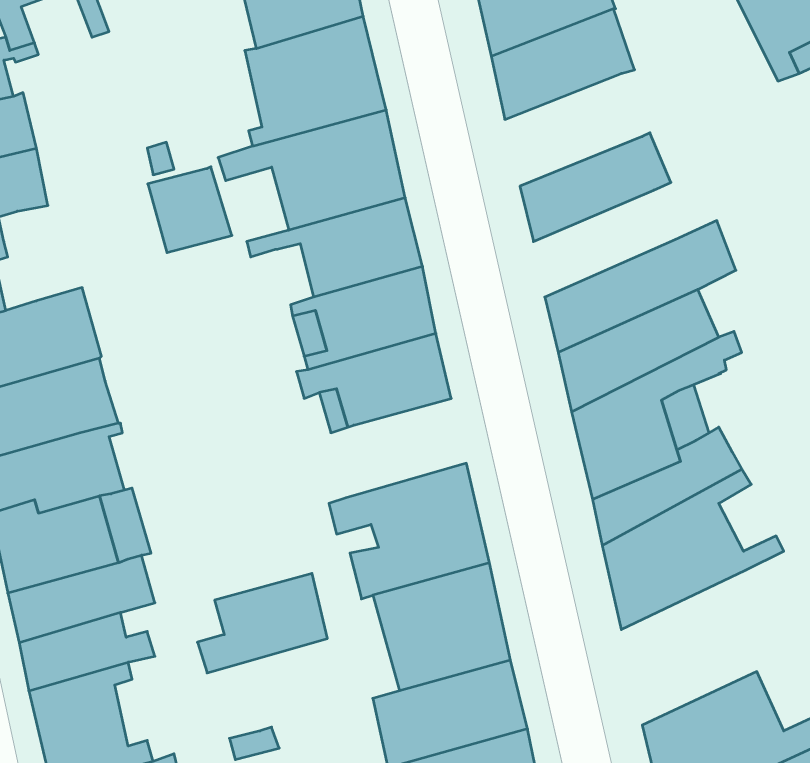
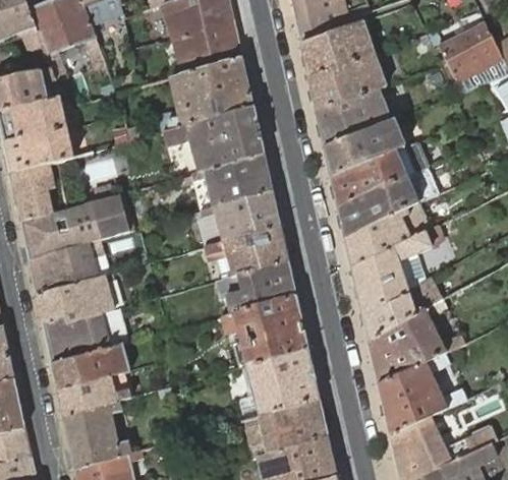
building: none -> [316,87,389,147]
building: [148,167,232,253] -> [91,192,135,238]
building: none -> [331,140,429,206]
building: none -> [378,352,466,434]
building: [197,573,327,673] -> [226,260,295,313]

